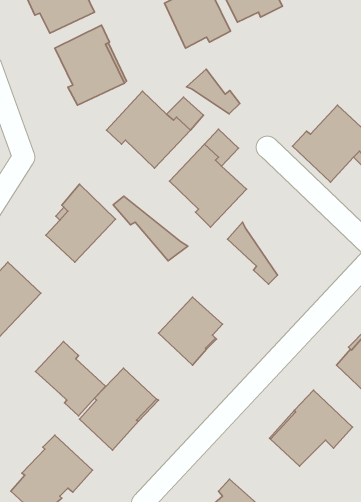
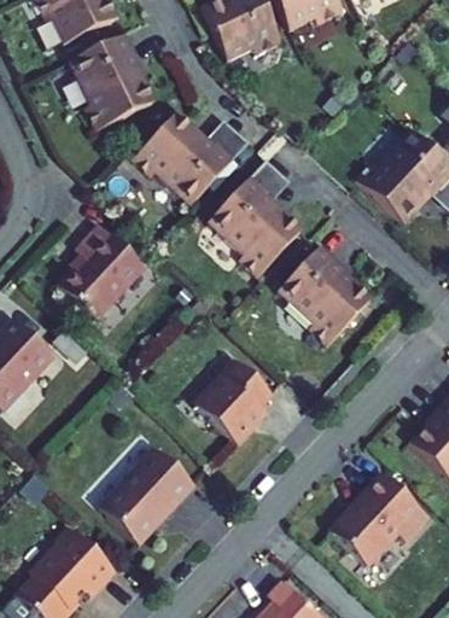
building: [187,69,240,114] -> none
building: [113,196,188,261] -> none
building: none -> [297,244,372,333]
building: [36,342,106,416] -> none

